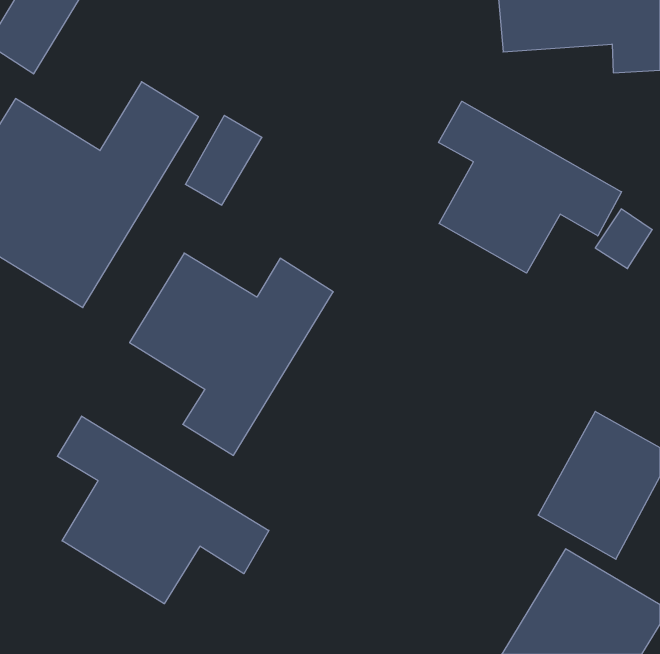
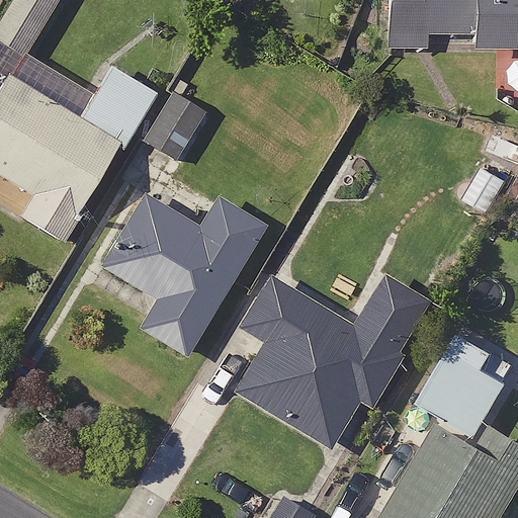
building: [439,101,622,273] -> none
building: none -> [230,272,432,447]
building: [57,416,269,604] -> none

